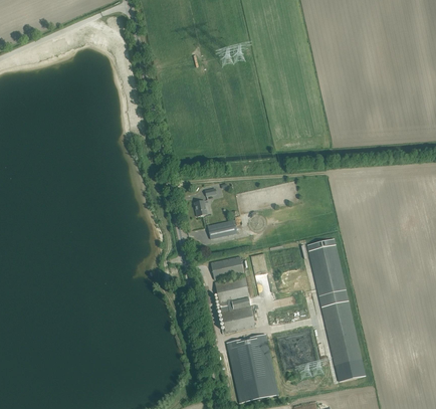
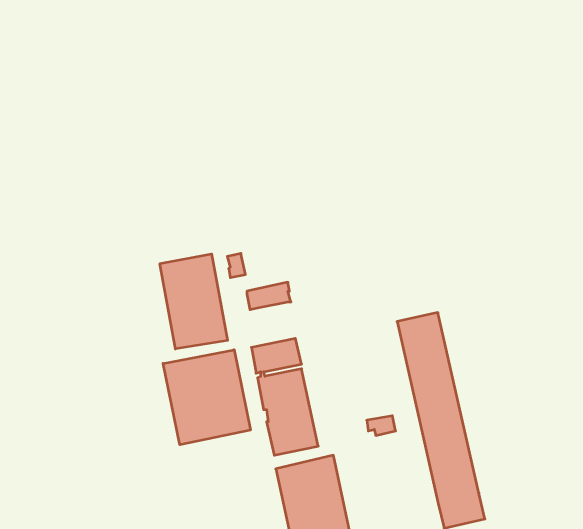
building: none -> [160,254,228,349]
building: none -> [163,350,250,445]

